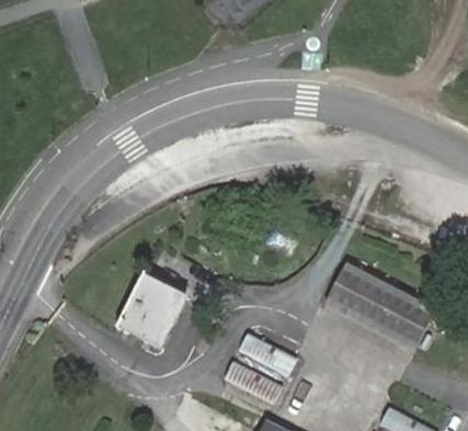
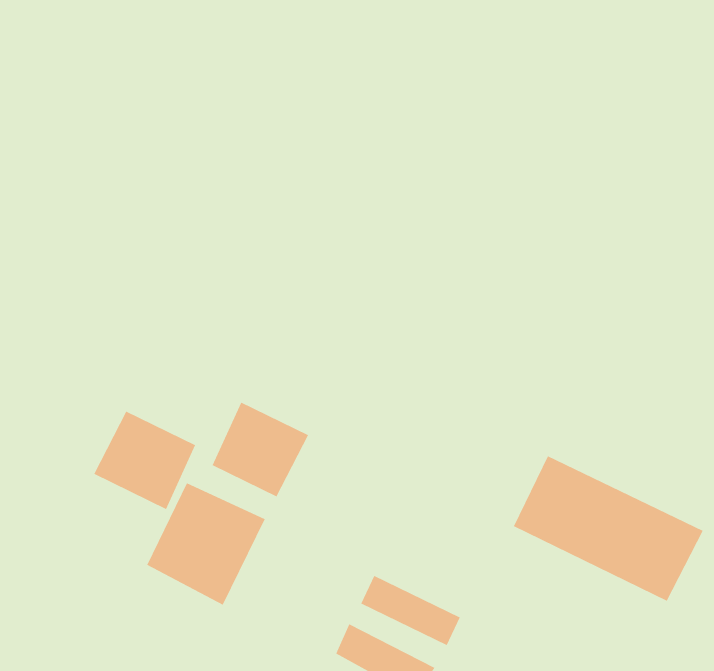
building: none -> [212,401,309,498]
building: none -> [93,411,196,510]

